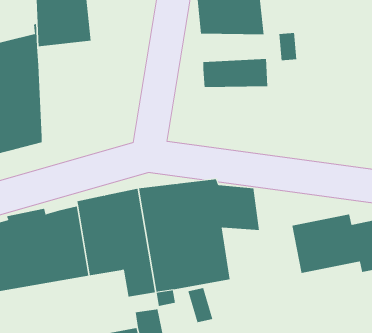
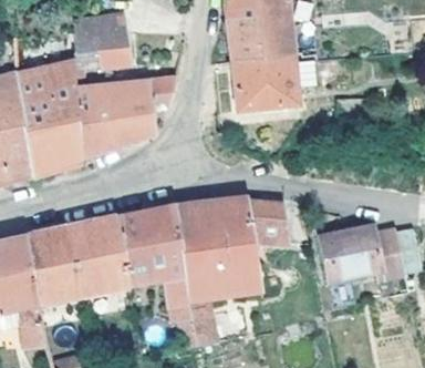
building: none -> [231,58,294,84]
building: none -> [79,76,175,155]

